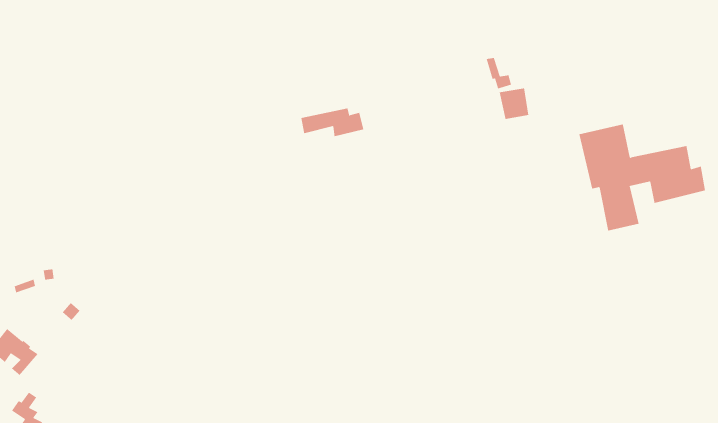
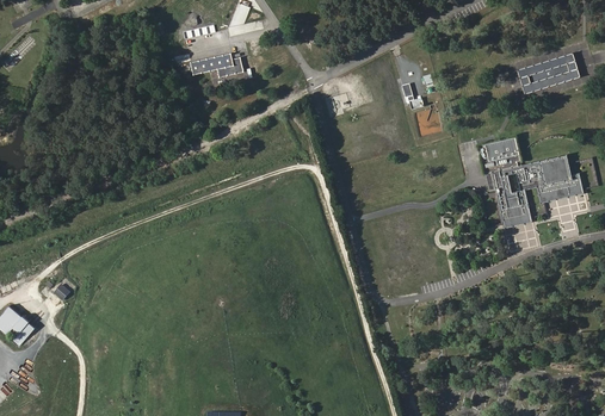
building: none -> [519,51,582,93]
building: [301,108,364,137] -> [190,52,242,76]

